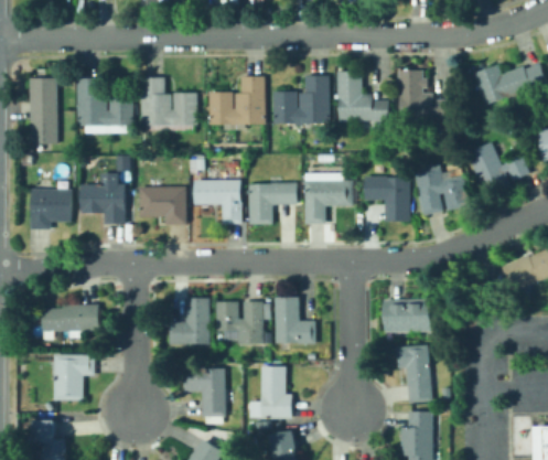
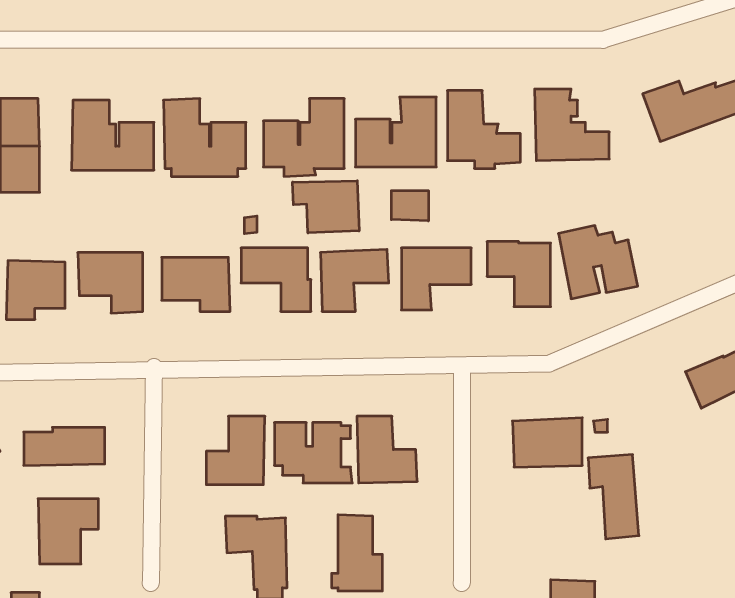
building: none -> [293,181,359,233]
building: none -> [391,191,428,221]
building: [466,141,530,197] -> none
building: [397,344,432,403] -> [588,455,639,539]

